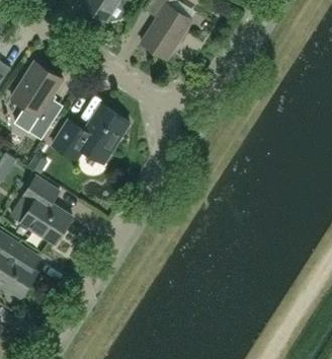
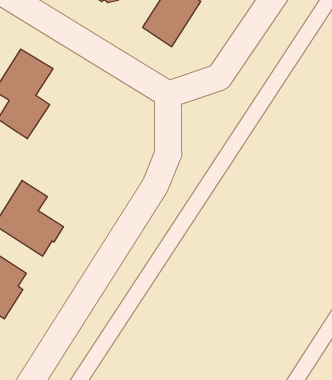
building: [52,104,129,163] -> none

